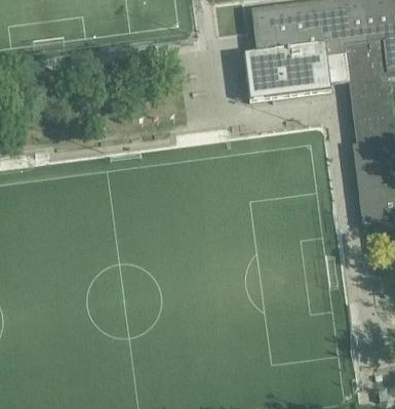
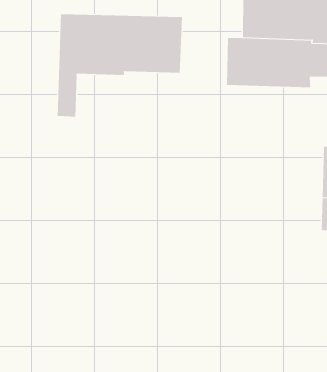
building: none -> [57,14,182,118]

